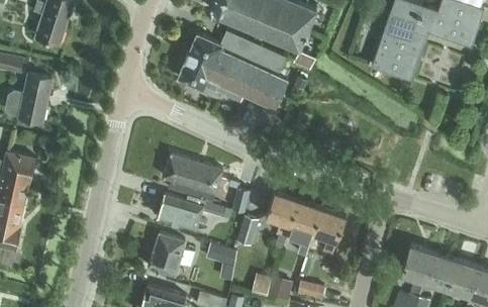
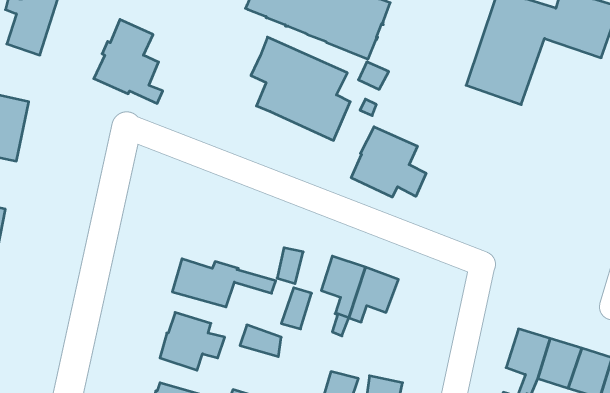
building: [177,34,227,96] -> [94,19,163,103]
building: none -> [351,127,426,197]
building: [163,155,221,203] -> none
building: [312,210,345,254] -> none

